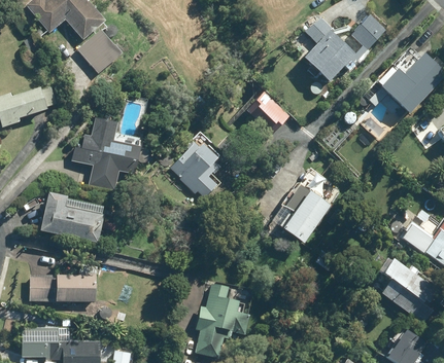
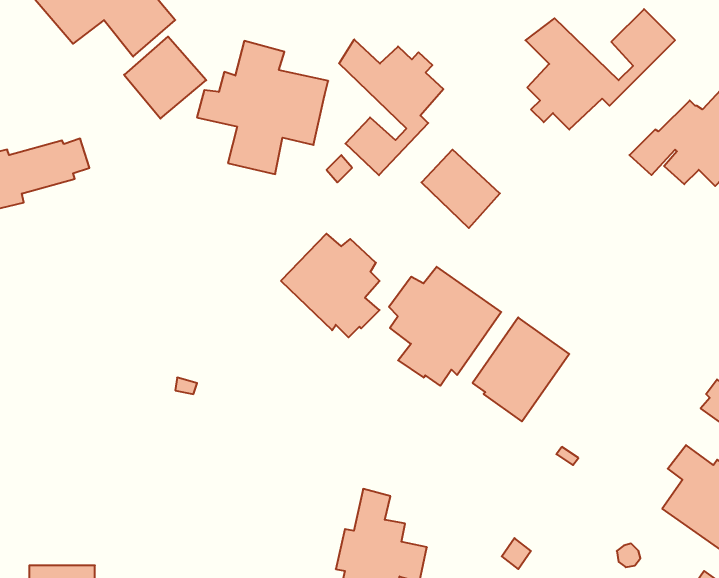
building: none -> [339,39,443,175]
building: [70,114,144,189] -> [197,41,328,174]
building: none -> [389,267,501,386]
building: [42,189,106,241] -> none
building: [31,261,99,300] -> none

